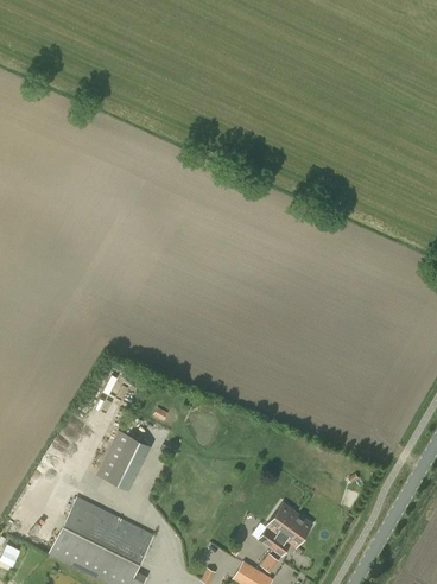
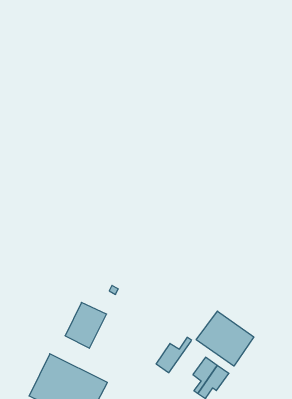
building: none -> [196,311,254,366]
building: none -> [156,337,191,373]

